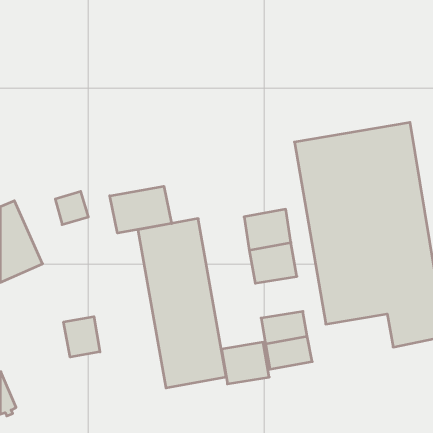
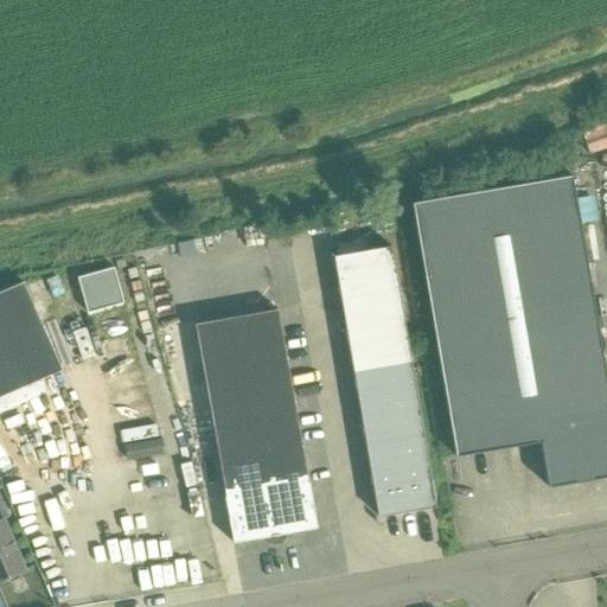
building: none -> [333,245,401,305]
building: [110,186,172,233] -> none
building: [64,317,100,357] -> none
building: [222,342,269,384] -> [358,388,424,446]

